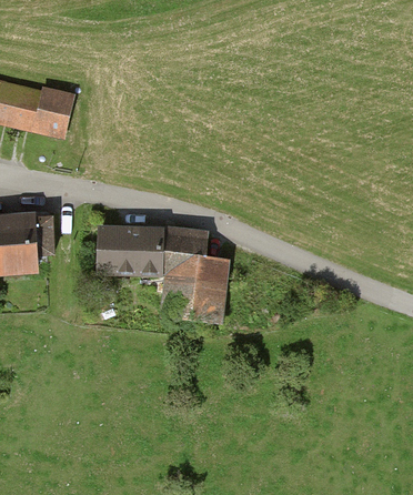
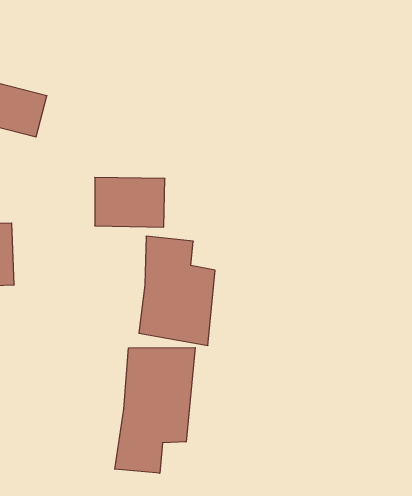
building: [99,226,163,272] -> [95,177,165,227]
building: none -> [115,348,195,473]

